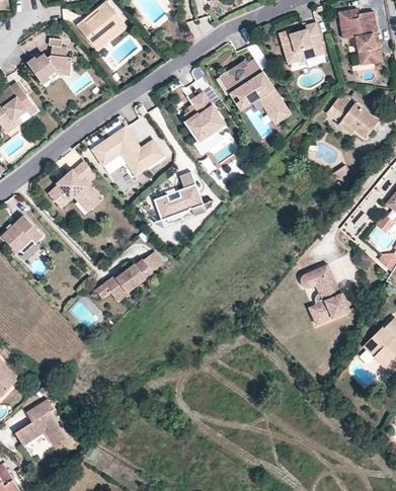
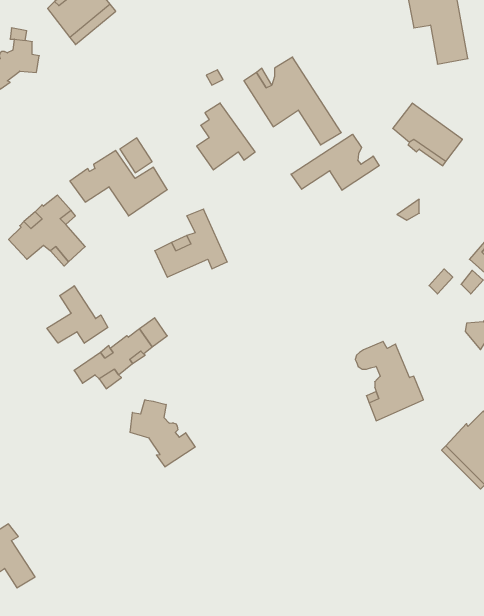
building: [281,24,325,64] -> none
building: none -> [291,134,379,190]
building: none -> [47,286,108,343]
building: none -> [130,400,195,467]

